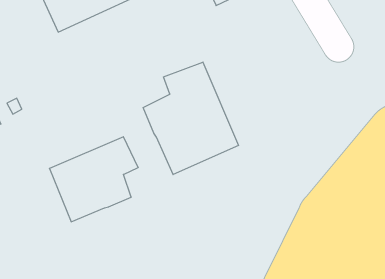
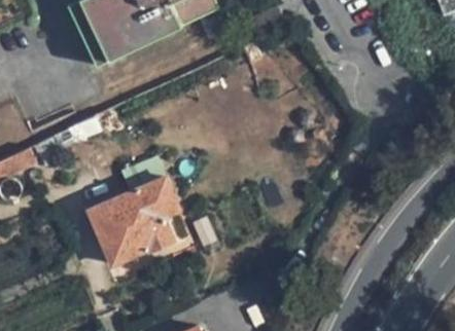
building: [143,62,239,175] -> none

